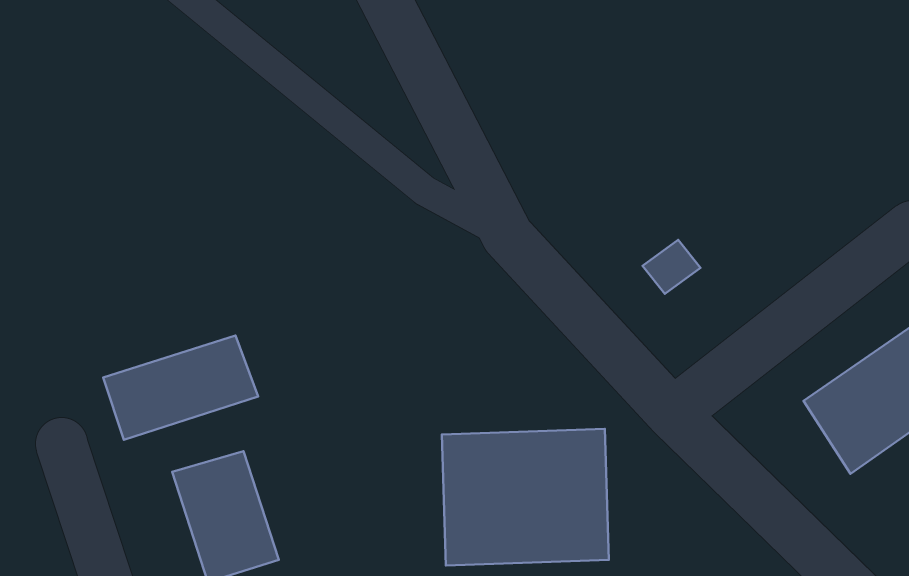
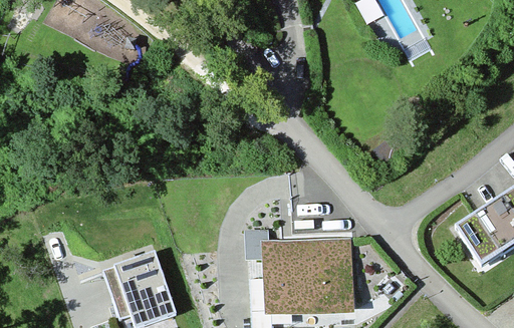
building: [103,335,258,440] -> none

